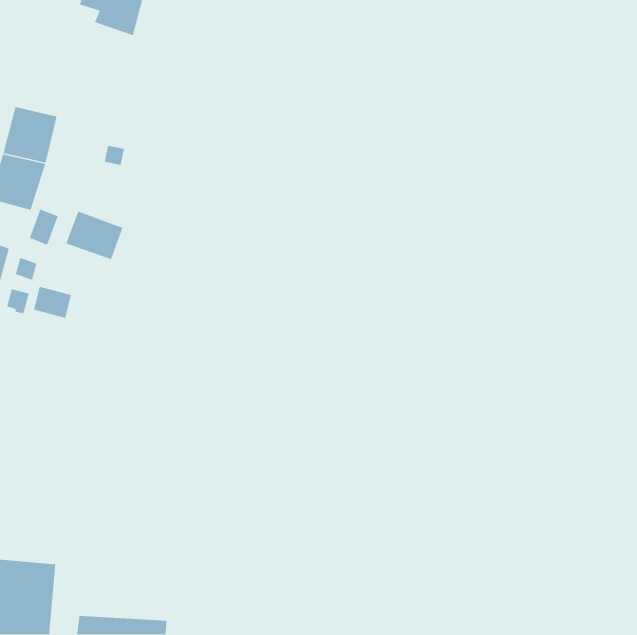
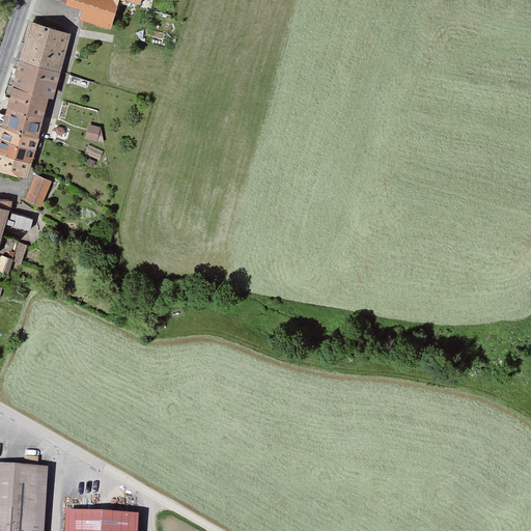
building: none -> [12,21,71,96]
building: [65,211,124,260] -> none
building: [33,286,72,319] -> none

